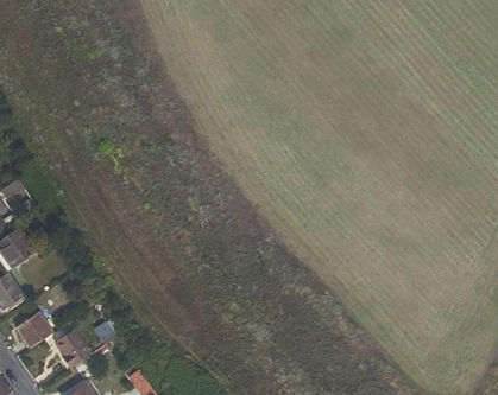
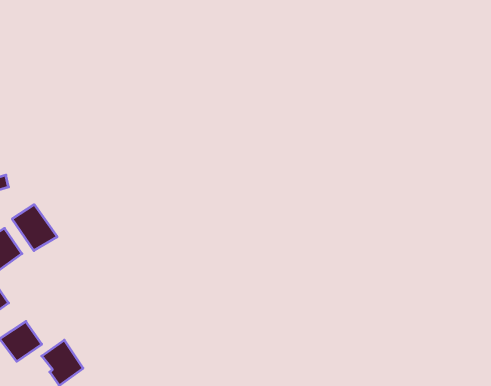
building: none -> [12,205,57,251]

